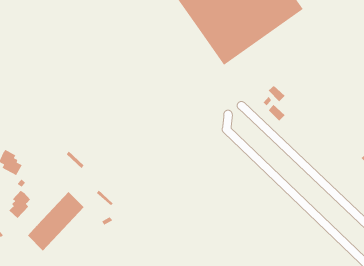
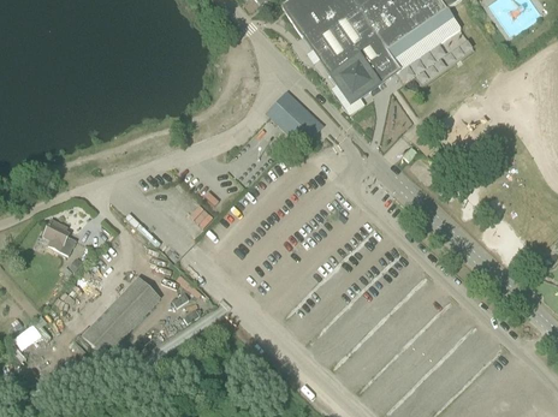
building: none -> [268,90,323,144]
building: [9,190,31,219] -> none

